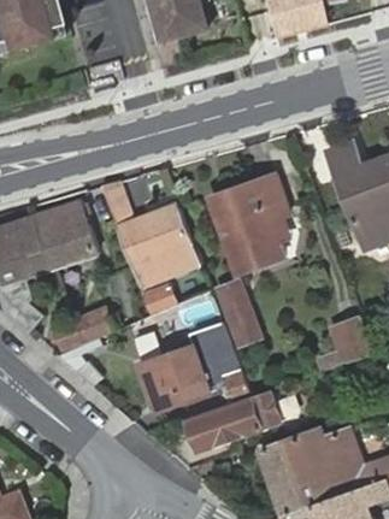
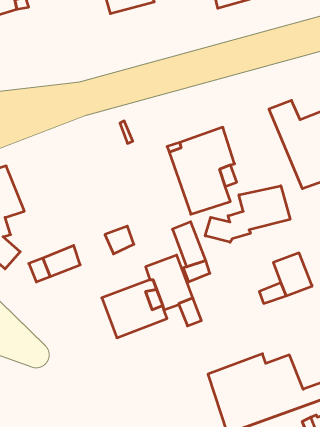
building: [101,179,202,285] -> none
building: [33,201,99,267] -> none
building: none -> [205,186,290,242]
building: [189,391,283,449] -> none

